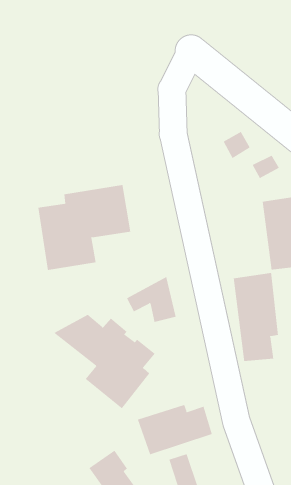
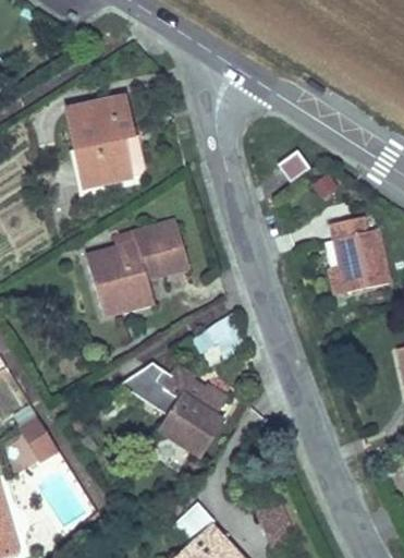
building: none -> [63,89,136,187]
building: [233,272,279,362] -> none
building: [137,404,212,455] -> none

